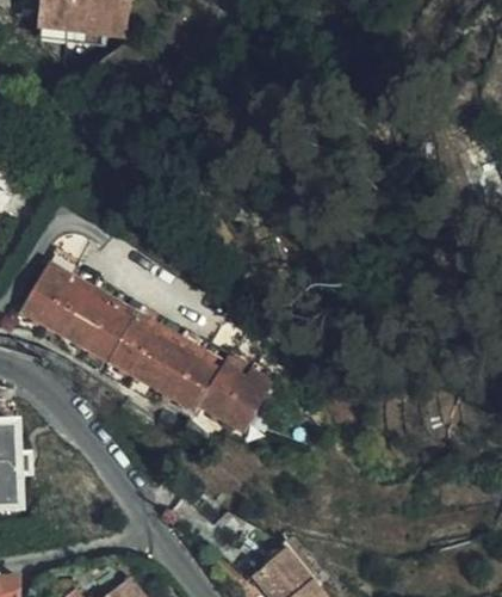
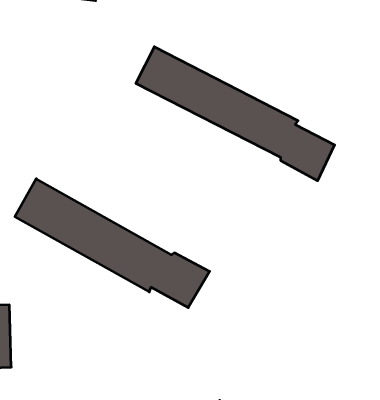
building: none -> [136,47,335,181]

